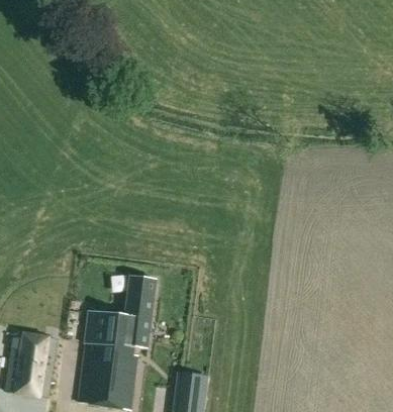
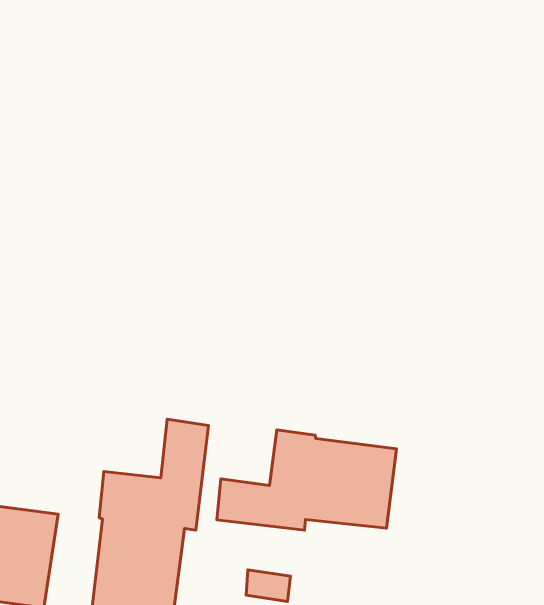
building: none -> [217,430,396,530]

